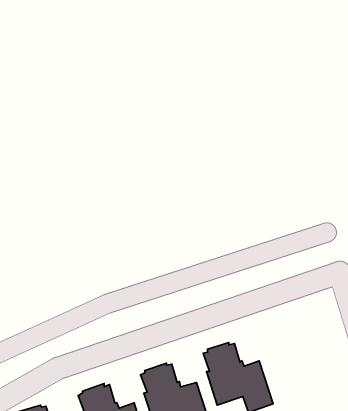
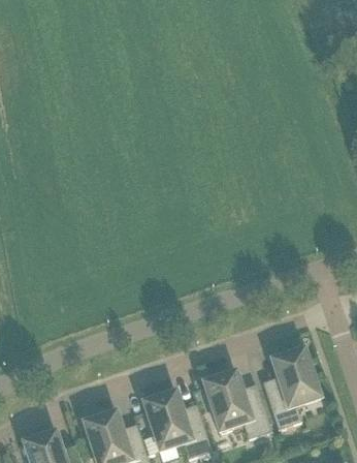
building: none -> [264,348,321,428]

